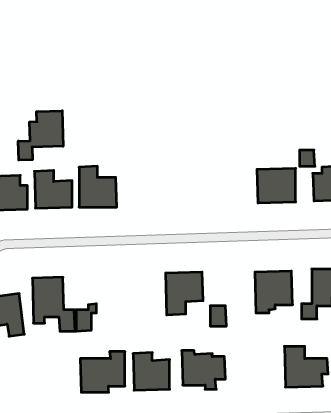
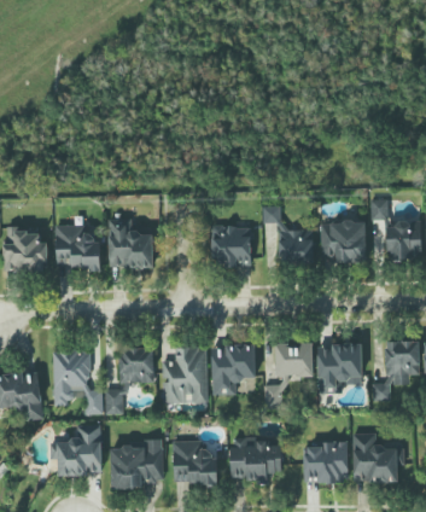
building: [18,111,63,160] -> none
building: none -> [262,205,313,263]
building: none -> [211,225,251,266]
building: none -> [274,342,314,376]
building: none -> [119,347,153,382]
building: none -> [162,347,208,402]
building: none -> [49,424,103,475]
building: none -> [303,443,348,482]

